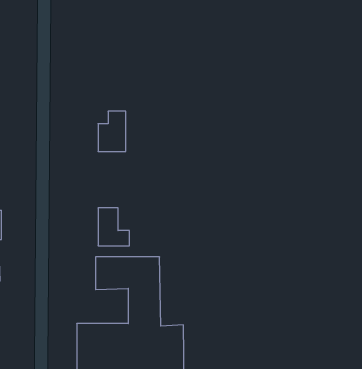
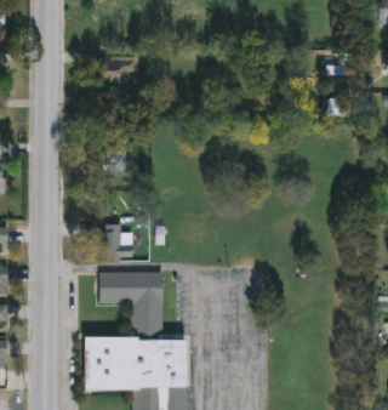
building: none -> [102,62,136,87]

